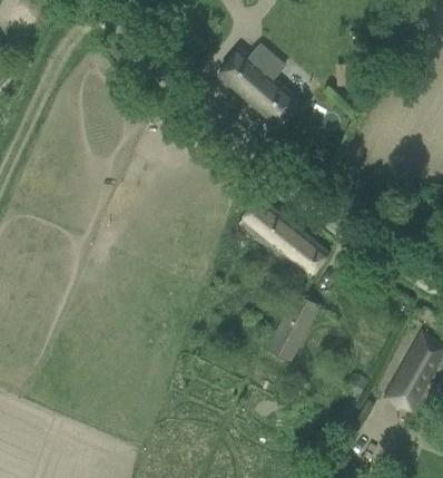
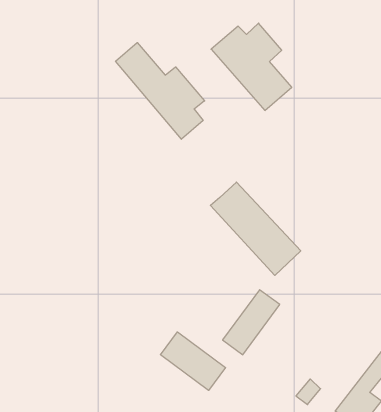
building: none -> [116,43,205,139]
building: none -> [160,332,226,390]

